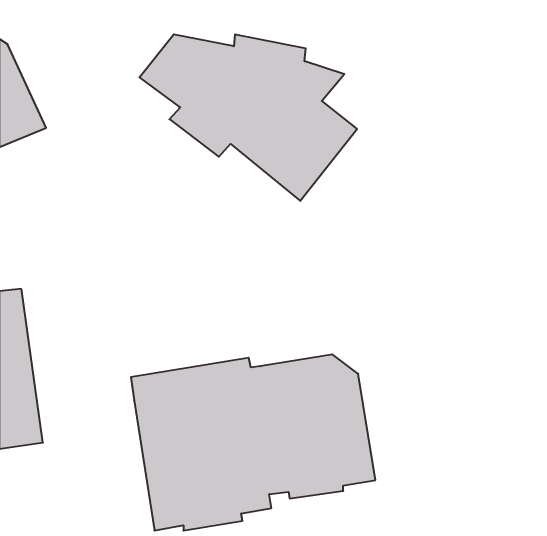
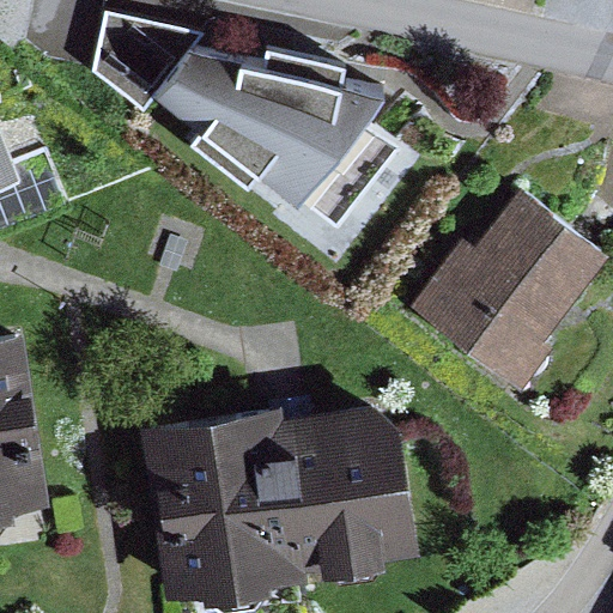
building: none -> [93,19,204,119]
building: none -> [411,188,606,389]

